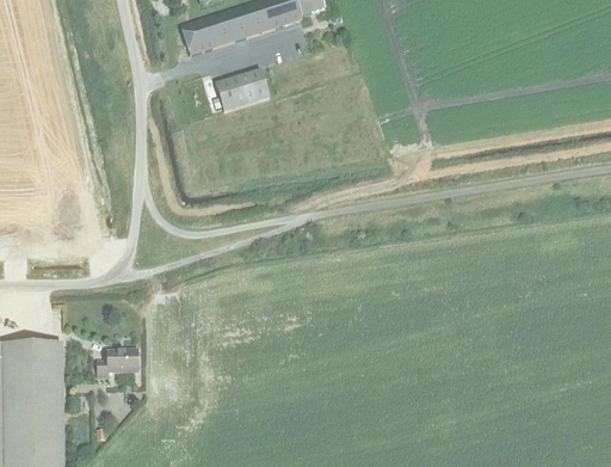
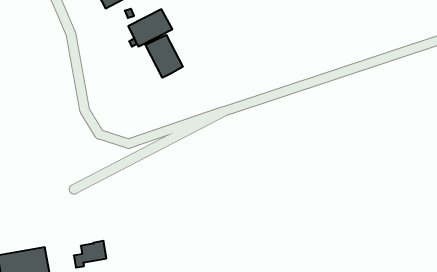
building: none -> [145,35,183,78]

